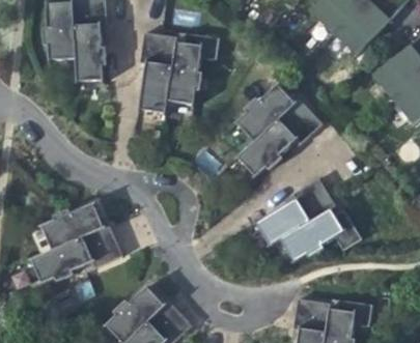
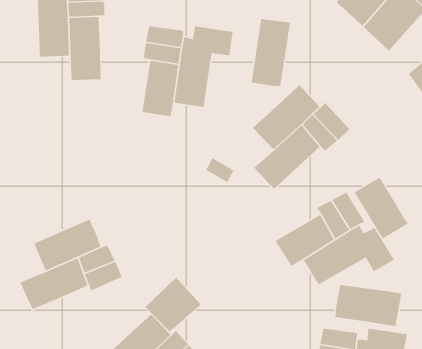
building: none -> [251,18,291,87]
building: none -> [354,177,409,239]
building: none -> [144,277,201,332]
building: none -> [334,284,402,327]

